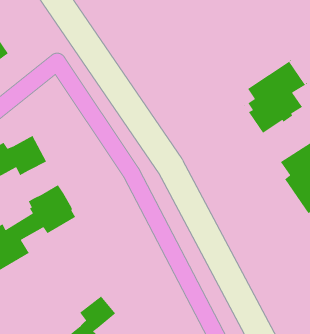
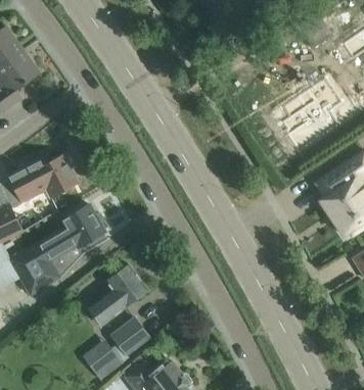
building: none -> [92,264,147,324]

